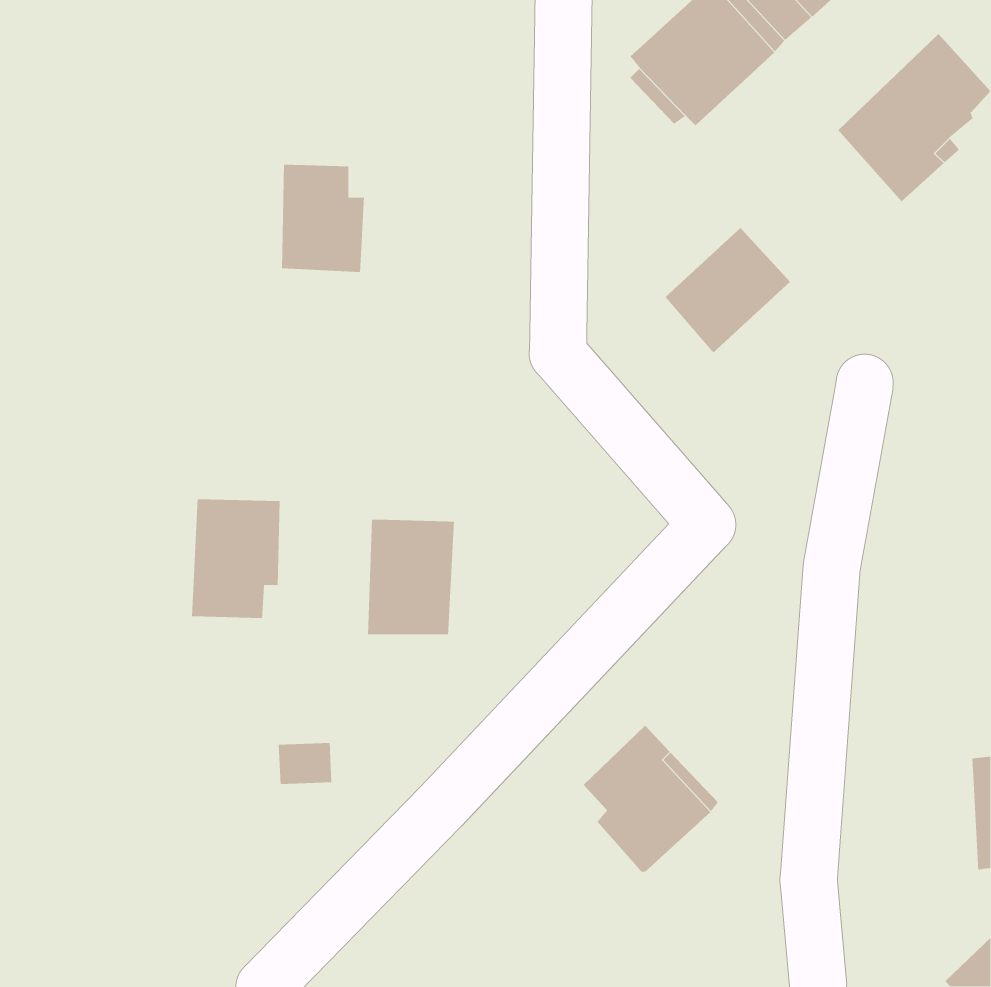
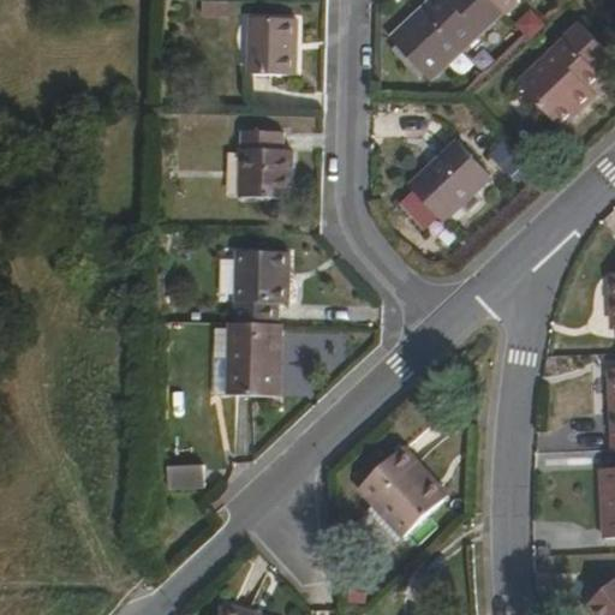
building: none -> [247,16,294,72]
building: [281,164,365,273] -> [239,129,291,196]
building: [191,498,280,619] -> [233,247,288,322]

